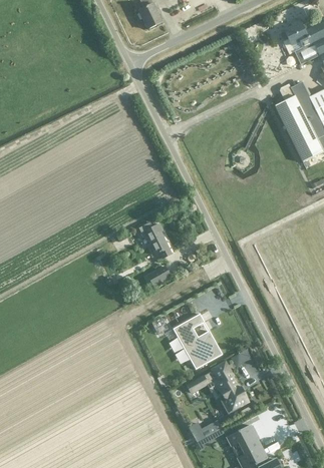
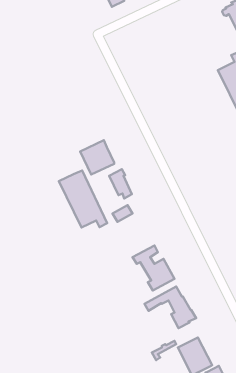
building: none -> [80,140,114,174]
building: none -> [59,170,107,228]

